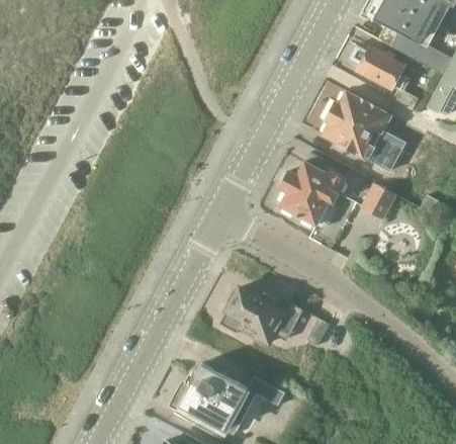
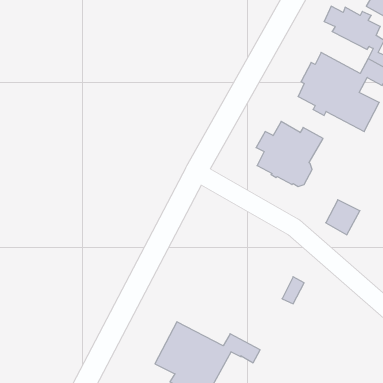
building: [363,185,397,220] -> [326,200,360,235]
building: [219,288,302,344] -> none

